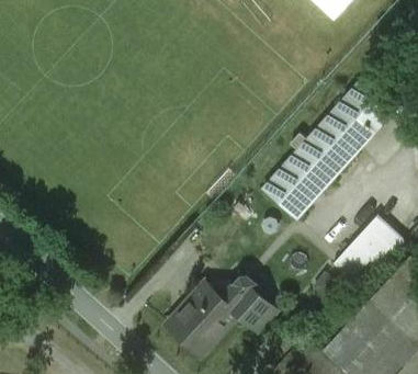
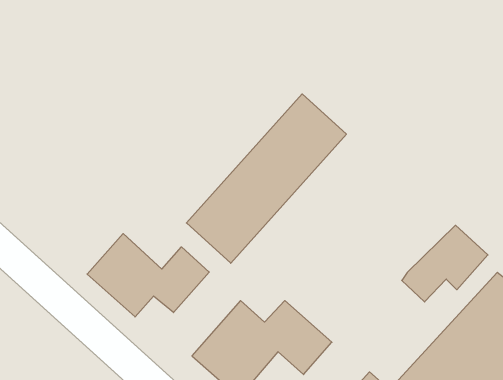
building: [261,82,392,220] -> [186,94,346,263]
building: none -> [87,234,209,317]

